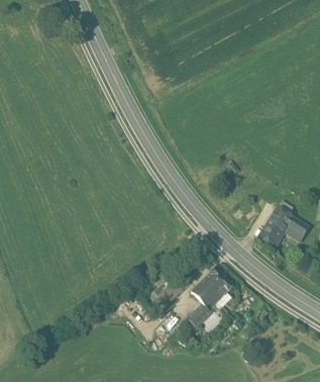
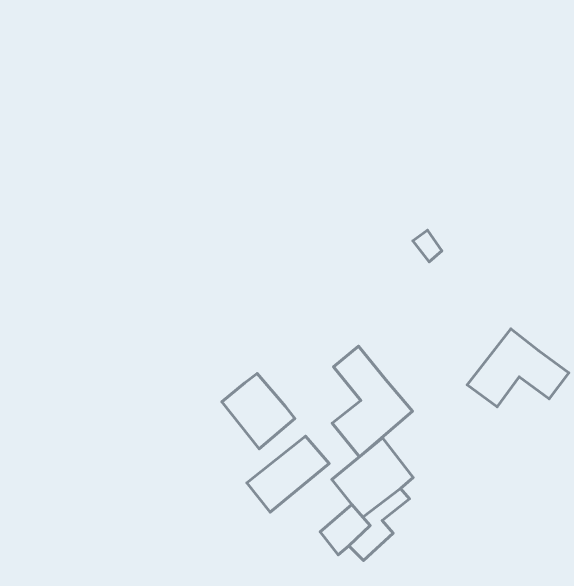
building: none -> [332,346,412,457]
building: none -> [222,373,295,449]

